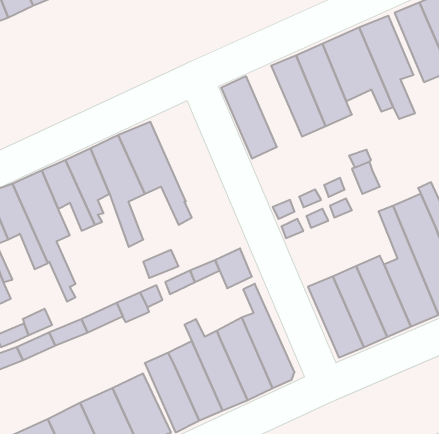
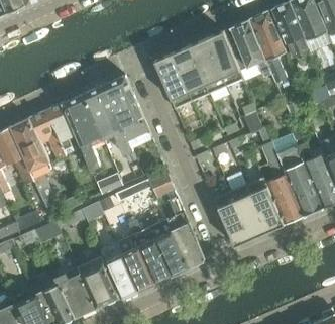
building: none -> [171,46,209,102]
building: none -> [105,76,148,139]

